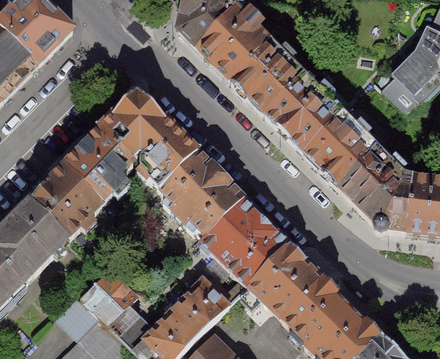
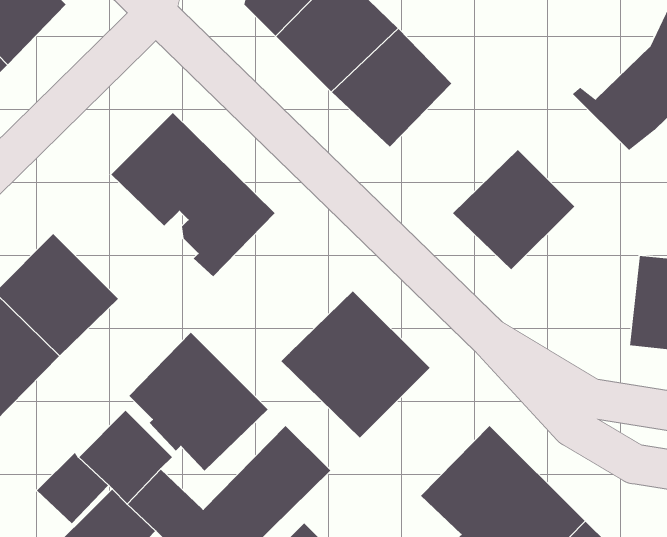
building: [265,74,341,151] -> none
building: [65,128,134,202] -> none
building: [337,147,413,230] -> none
building: [160,151,243,234] -> [129,332,268,472]
building: [247,243,324,319] -> none

